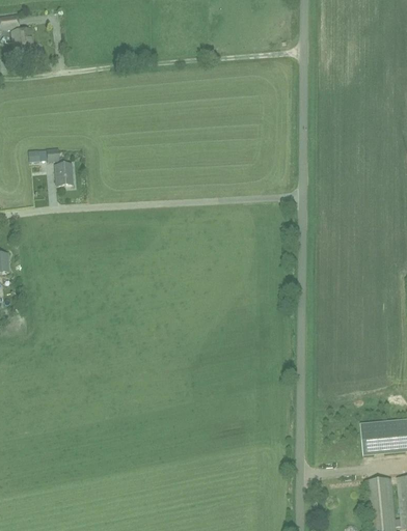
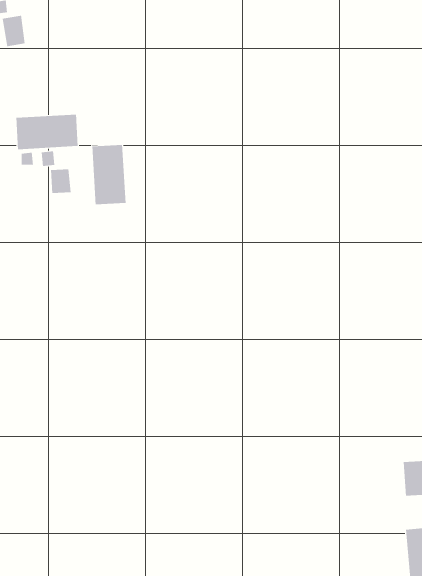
building: none -> [16,114,78,150]
building: none -> [92,144,126,205]

